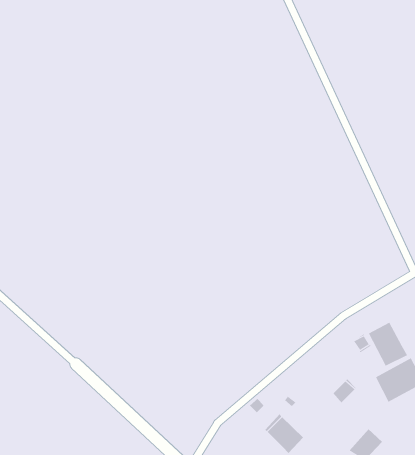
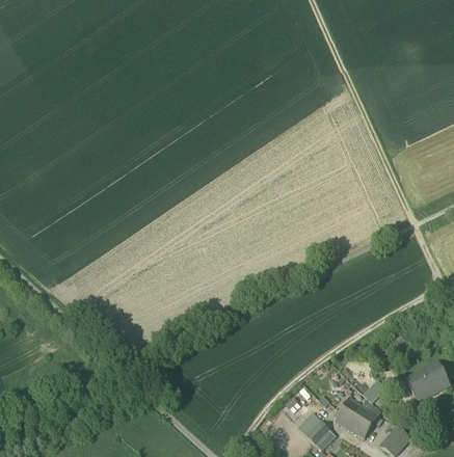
building: [368,322,408,367] -> none
building: none -> [335,397,380,438]

